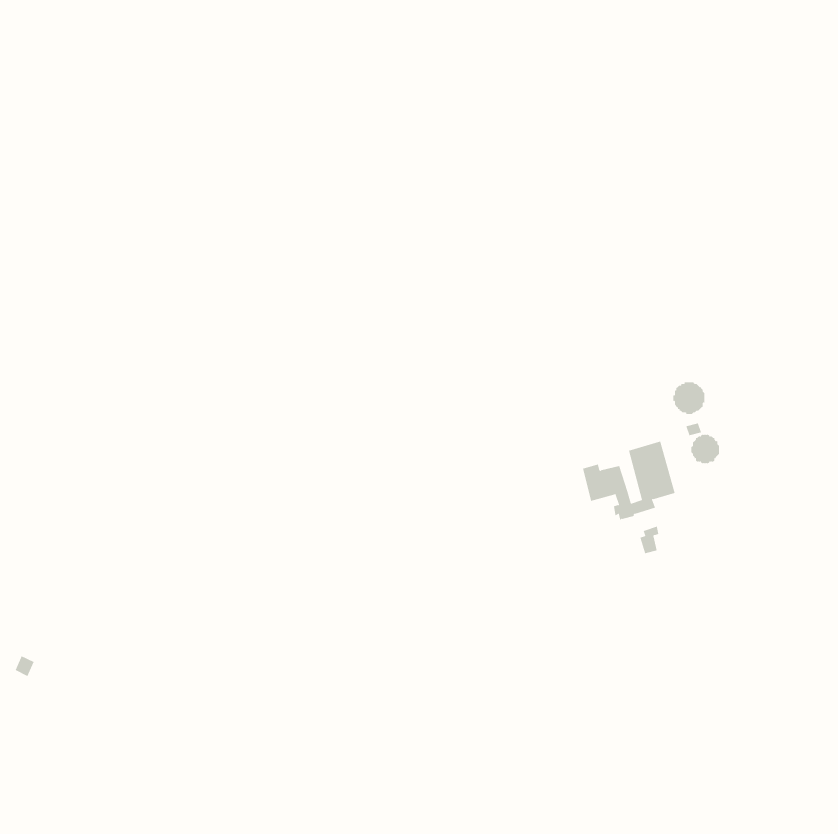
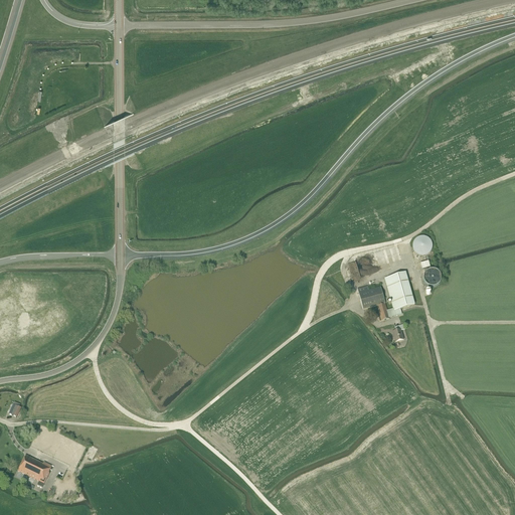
building: none -> [18,454,51,486]

